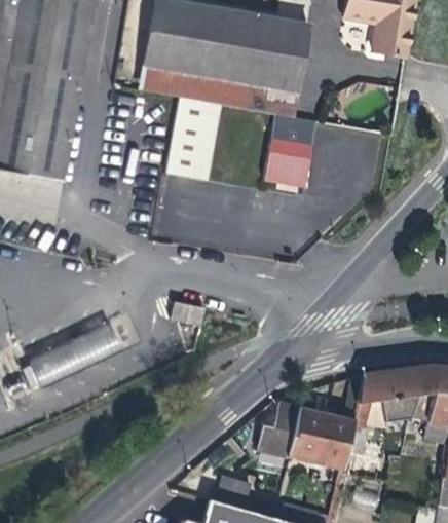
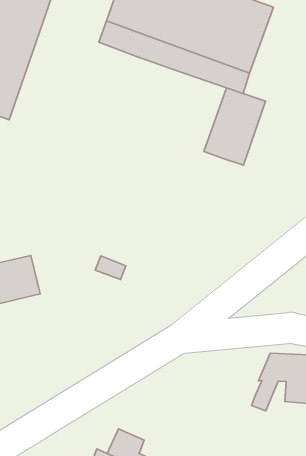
building: [165,99,220,180] -> none
building: [257,402,353,469] -> none

